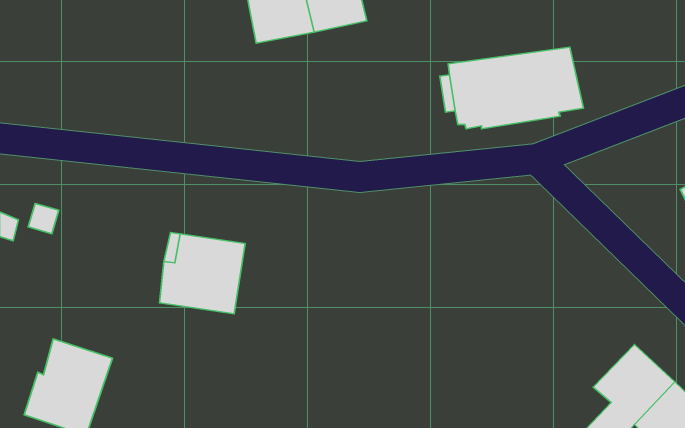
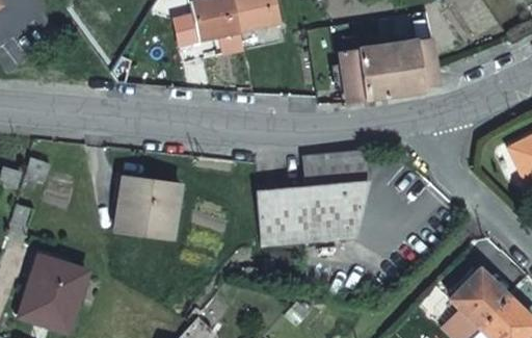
building: none -> [259,151,366,244]

